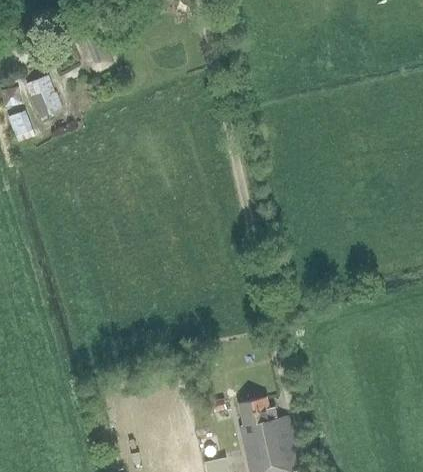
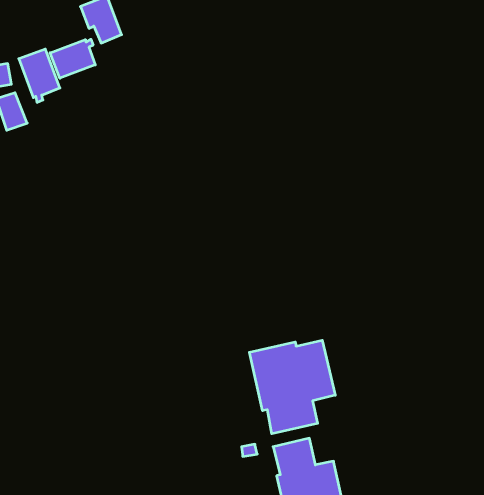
building: none -> [50,39,95,78]
building: none -> [249,340,335,434]

